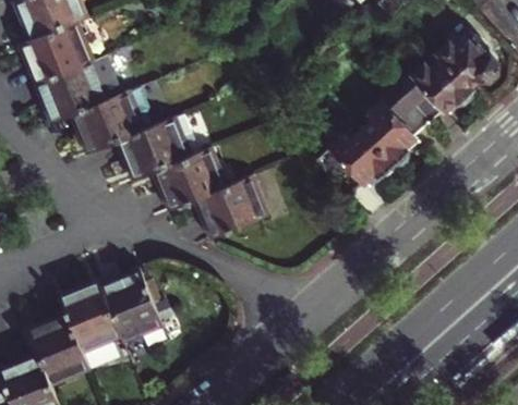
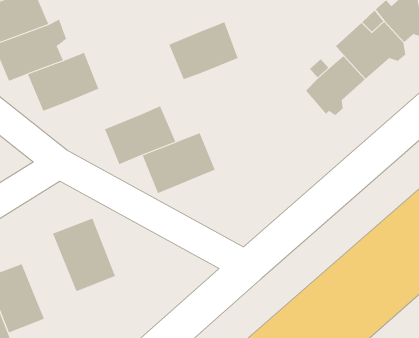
building: [119,119,192,180] -> [169,22,238,80]
building: [314,132,387,194] -> none
building: [58,279,121,354] -> none

